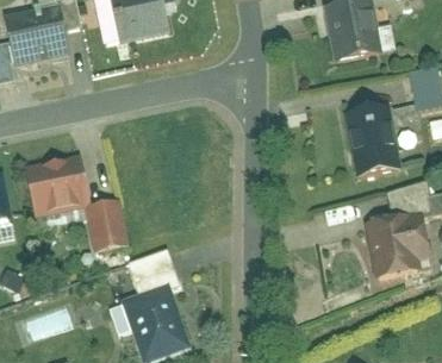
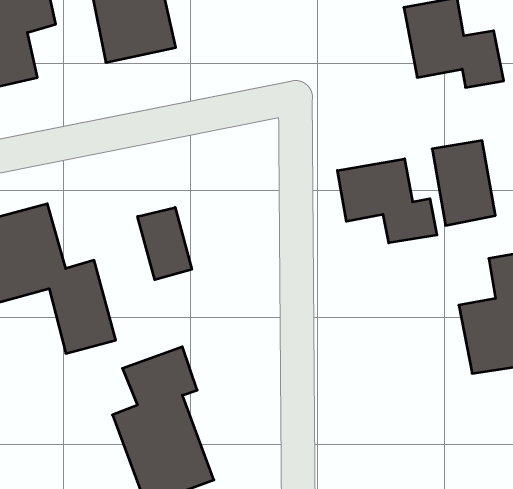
building: none -> [337,159,437,243]
building: none -> [138,207,192,280]

